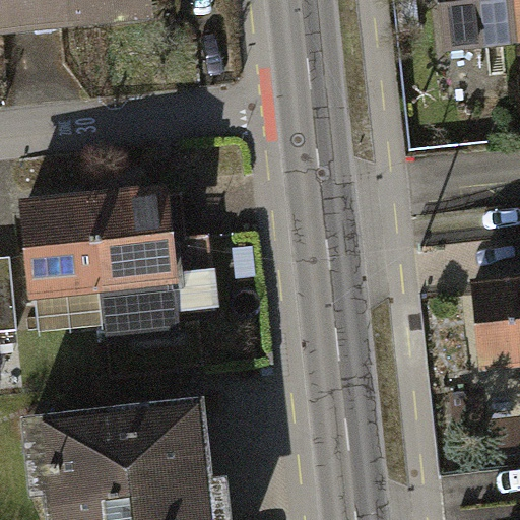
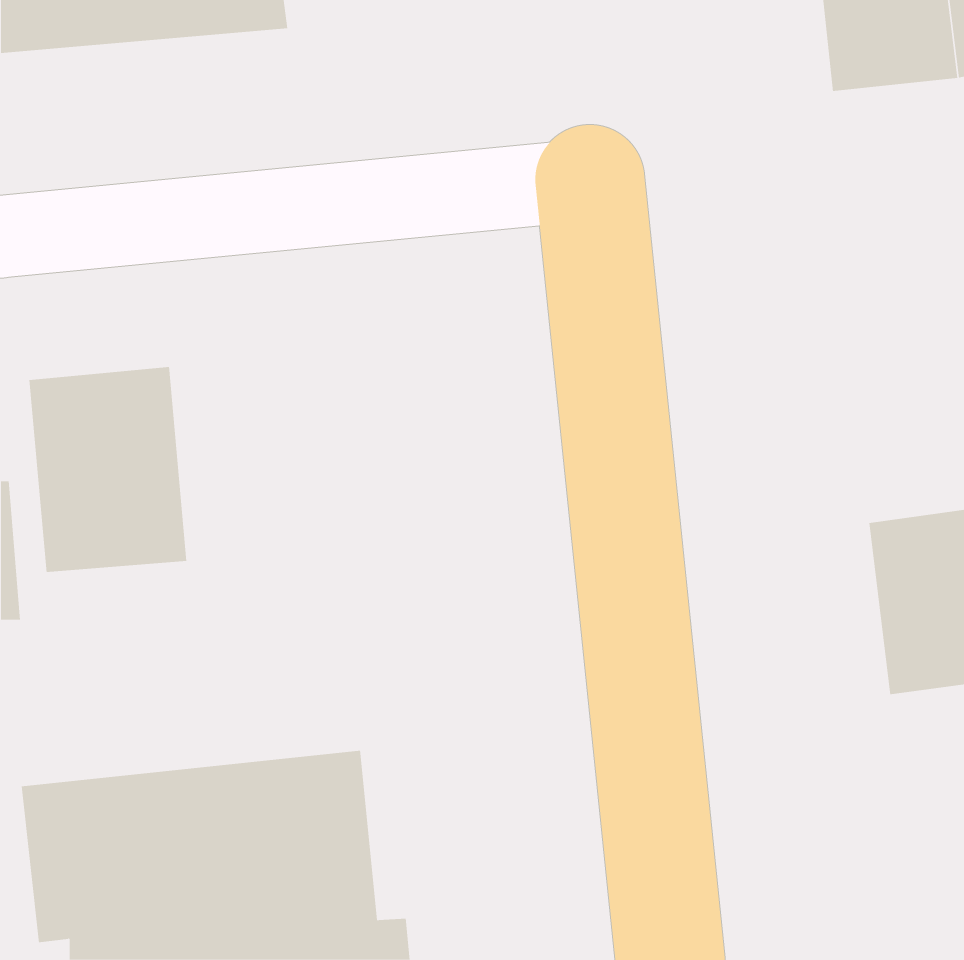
building: [96,189,219,344] -> none

